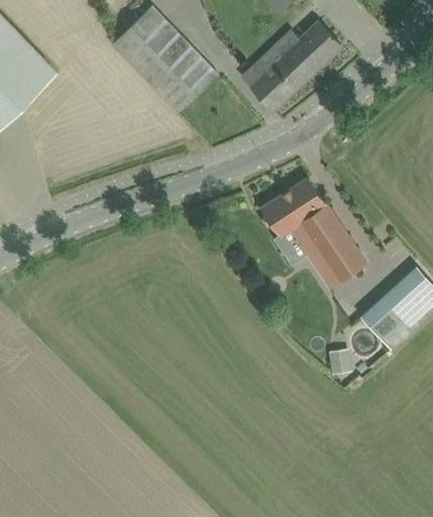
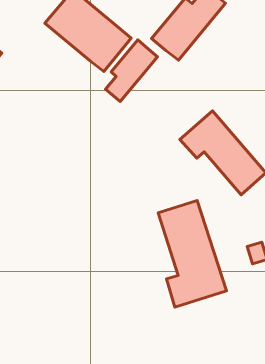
building: none -> [106,40,158,102]
building: none -> [158,201,226,307]

